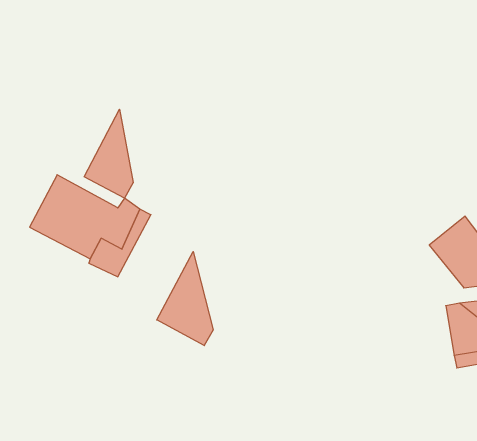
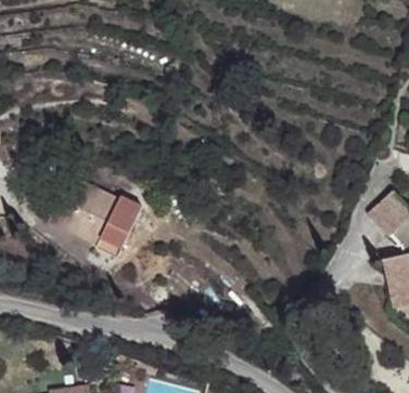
building: [84,109,133,198] -> none
building: [157,252,213,346] -> none

